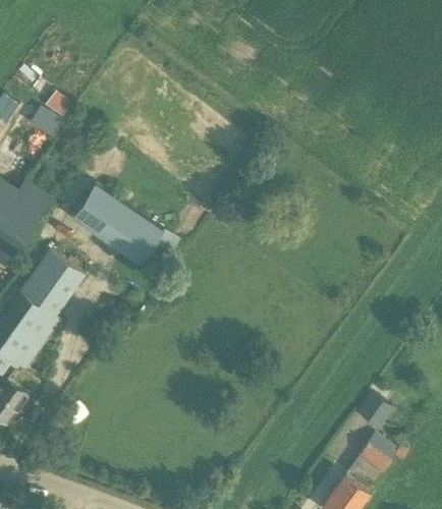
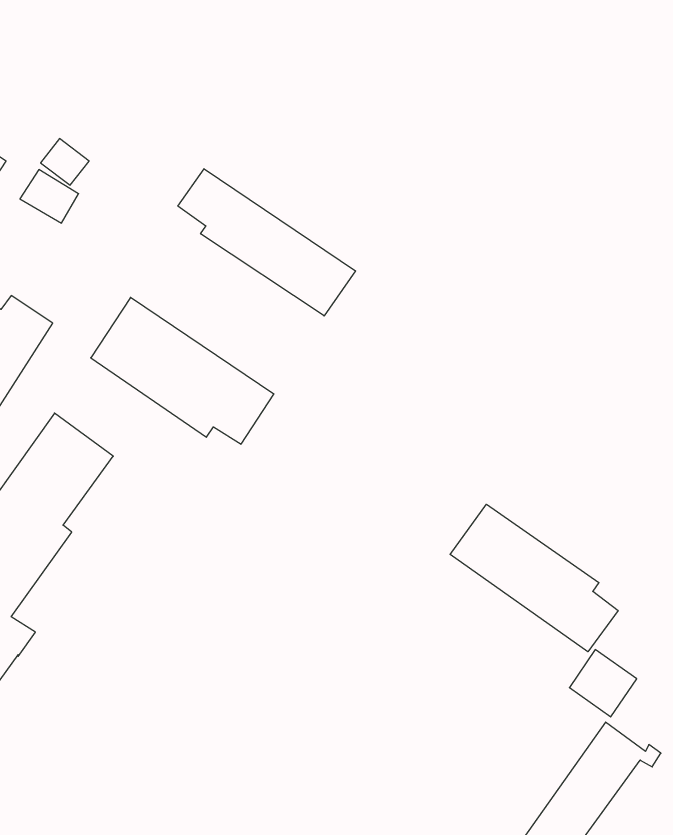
building: none -> [178,169,356,316]
building: none -> [450,504,618,652]

